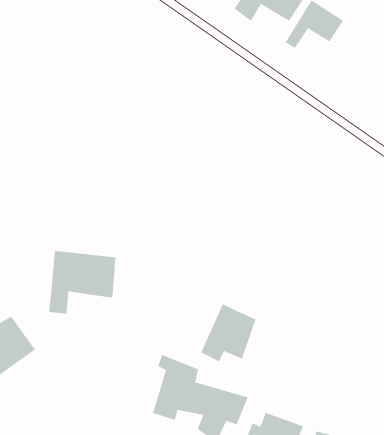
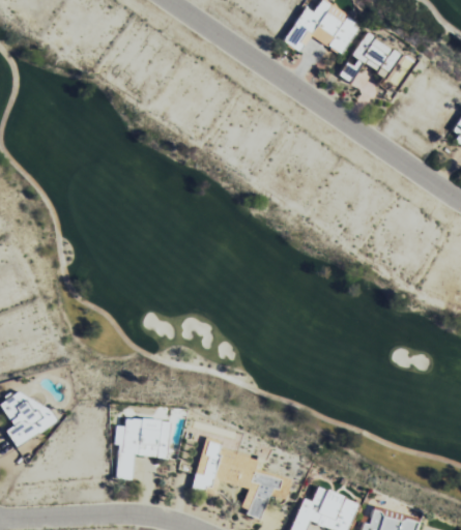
building: [49,250,116,314] -> [111,410,185,480]
building: [200,304,256,362] -> none

